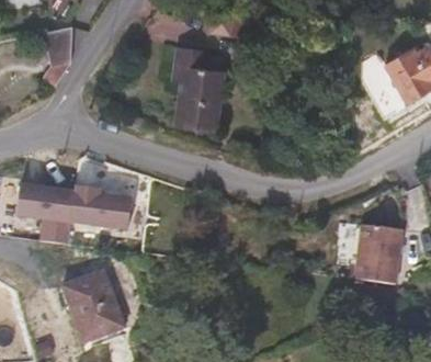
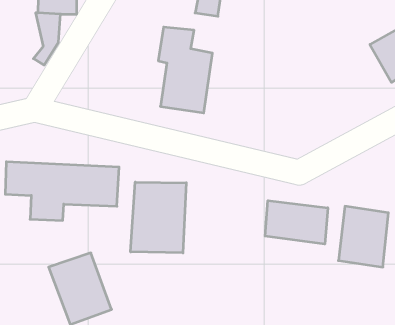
building: none -> [131,182,186,253]
building: none -> [265,201,328,244]

